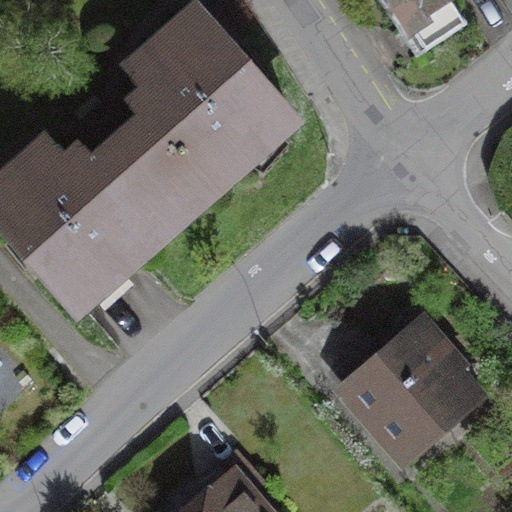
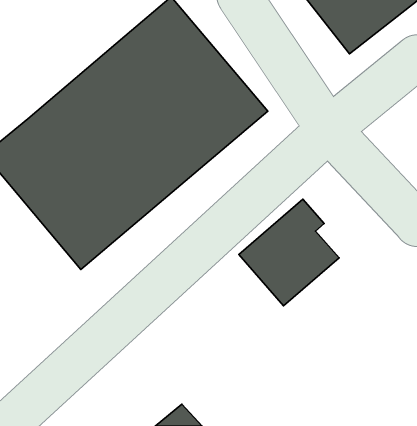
building: [332,317,451,444] -> [239,199,339,306]

